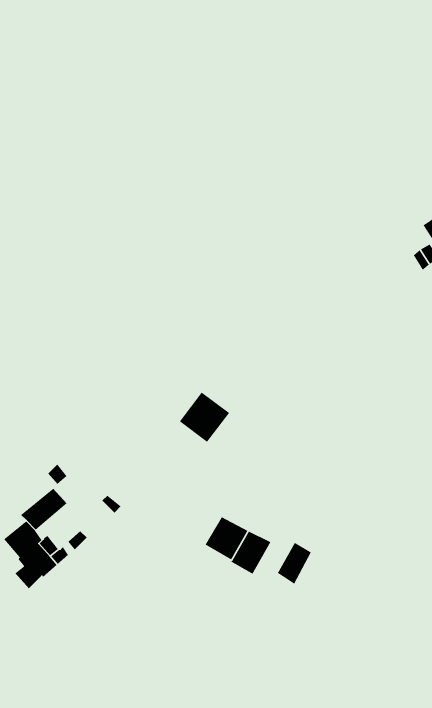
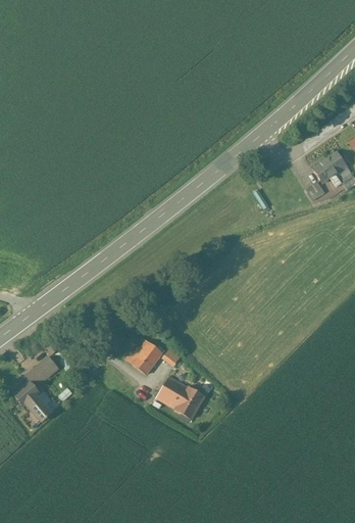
building: [179,391,230,443] -> [125,336,162,373]
building: [277,542,312,585] -> none

